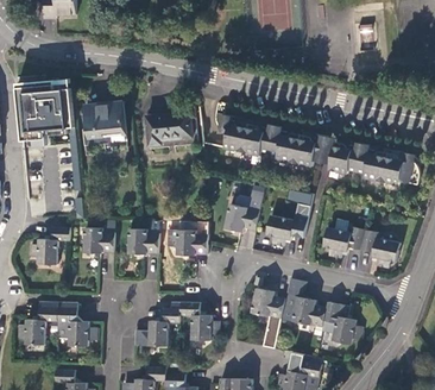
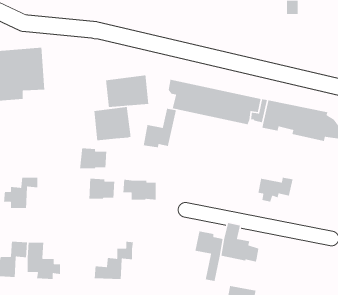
building: [87,97,131,138] -> [94,106,132,141]
building: [225,184,264,232] -> [143,108,177,149]
building: [266,203,310,246] -> none
building: [83,227,115,252] -> [79,148,107,169]
building: [360,229,399,268] -> none
building: [179,302,219,340] -> none
building: [323,302,361,345] -> none

